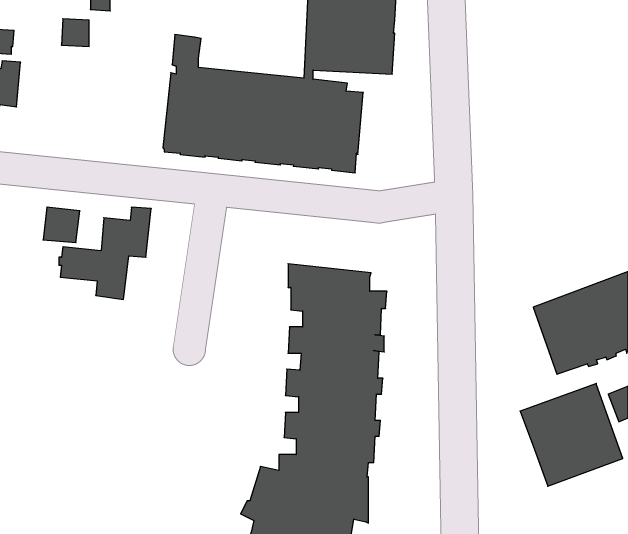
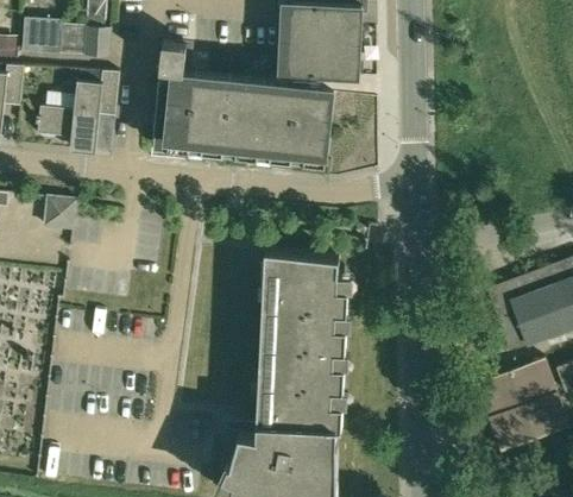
building: none -> [20,24,61,57]
building: none -> [84,29,109,59]
building: [59,207,151,299] -> [36,73,119,156]

